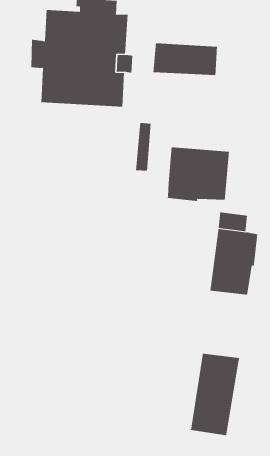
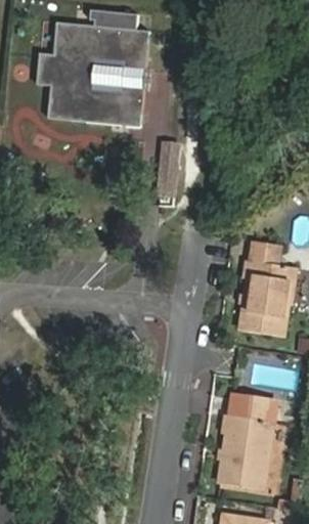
building: [153,42,218,76] -> none
building: [167,147,230,202] -> none

